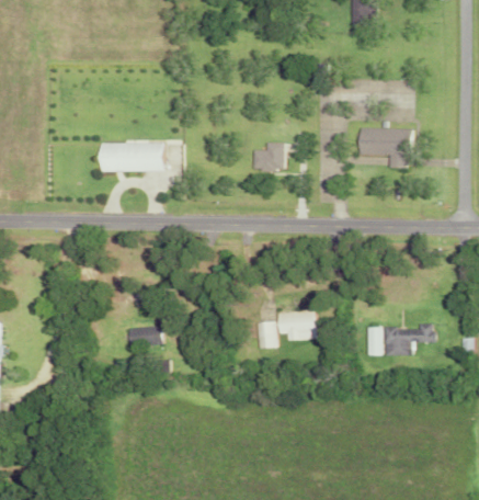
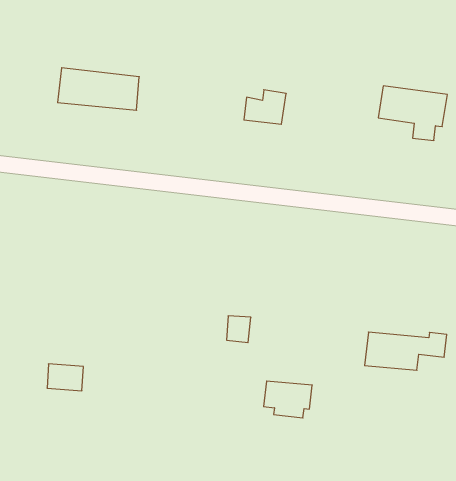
building: [280,311,317,339] -> [264,381,312,418]
building: [128,327,158,348] -> [47,364,83,391]

